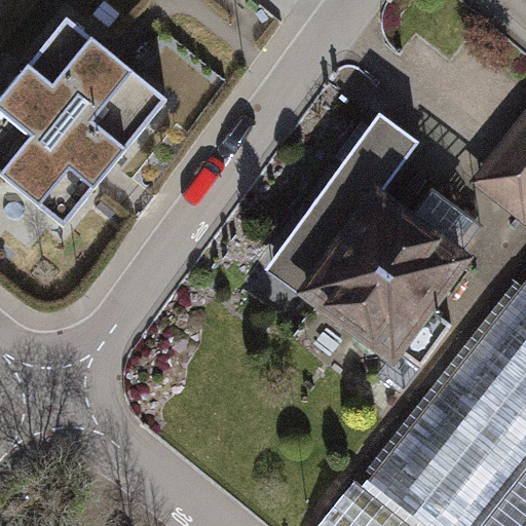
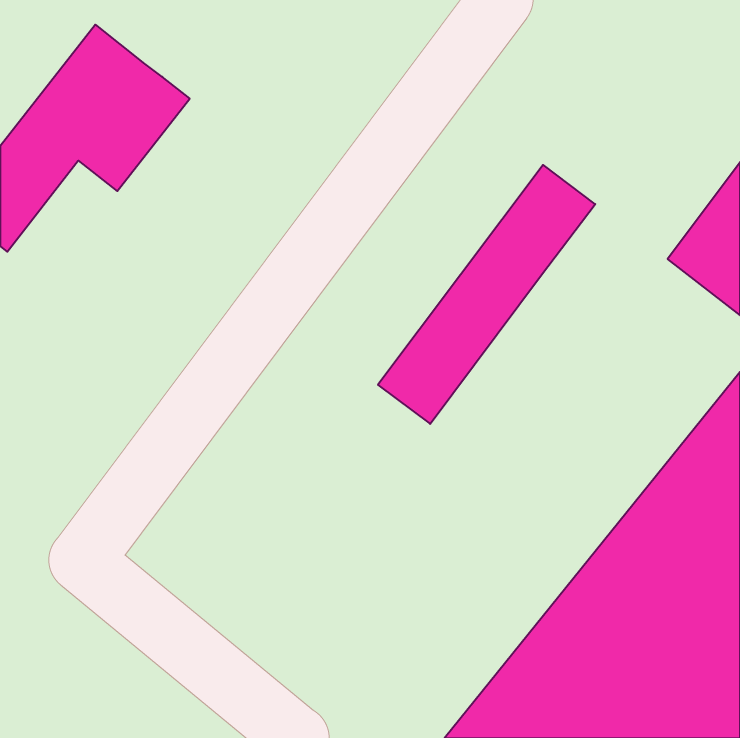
building: [5,70,173,230] -> none
building: [305,195,471,366] -> none

